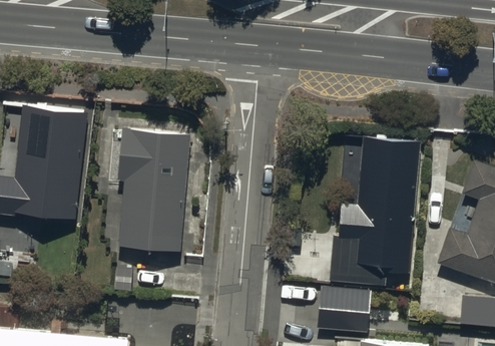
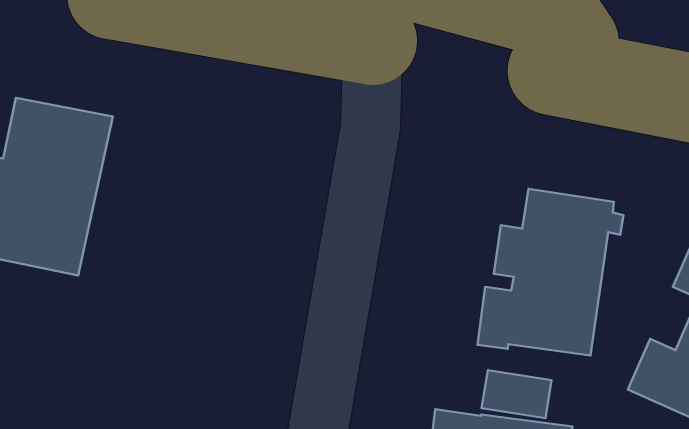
building: [117,130,188,252] -> none

